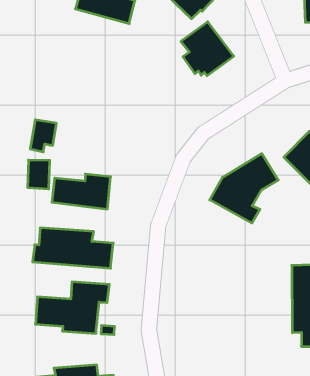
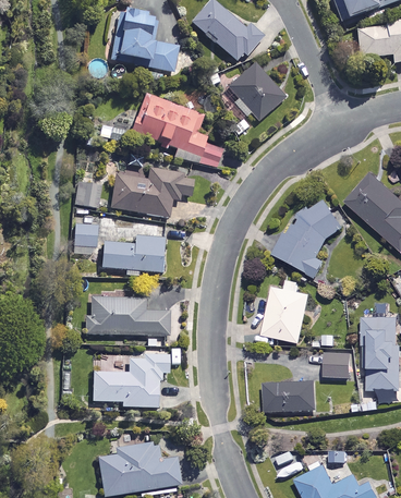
building: none -> [131,93,222,169]
building: none -> [110,166,195,217]
building: none -> [263,279,309,342]
building: none -> [325,352,350,377]
building: none -> [264,380,315,411]

